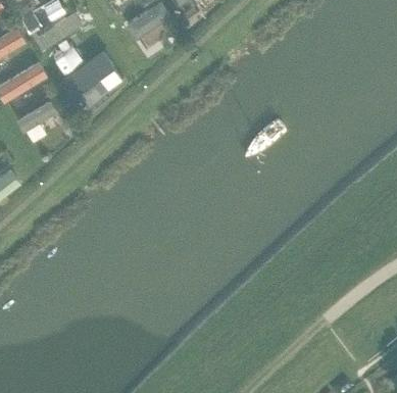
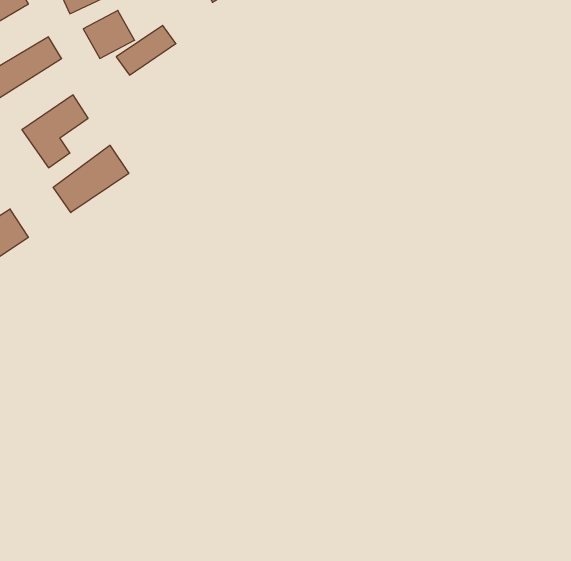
building: none -> [53,145,129,213]

